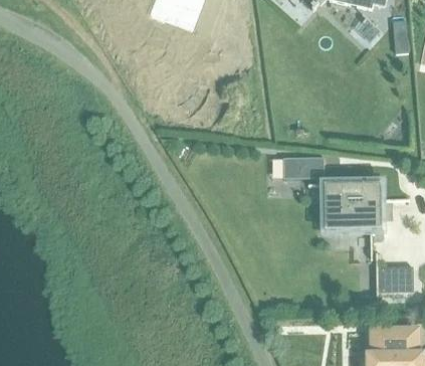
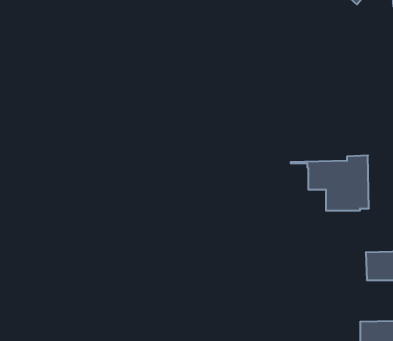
building: [282,158,324,179] -> none

